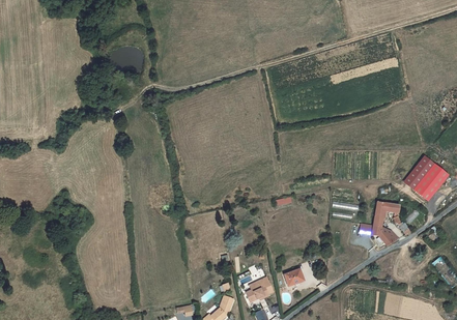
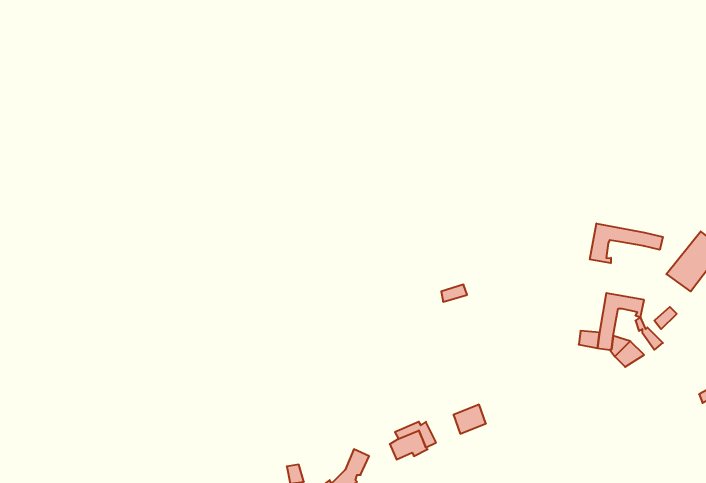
building: none -> [590,223,663,263]

